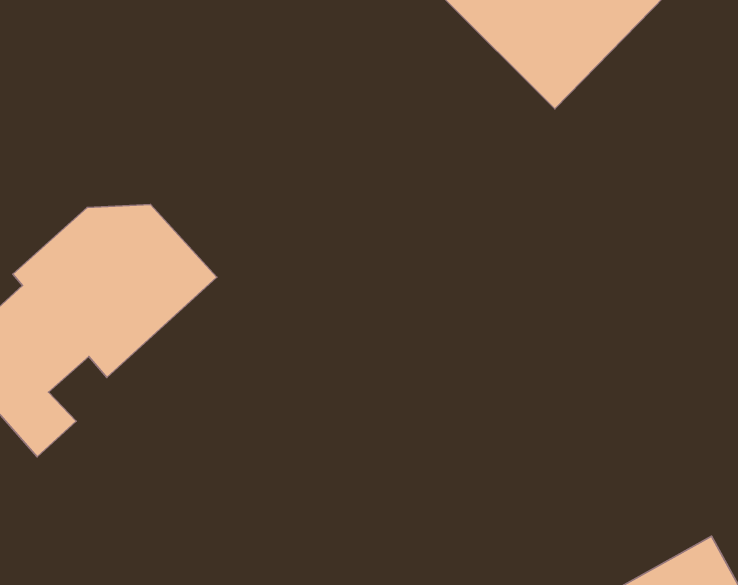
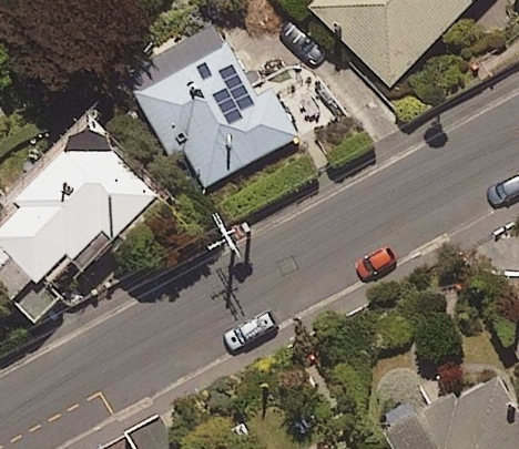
building: none -> [136,45,297,186]

